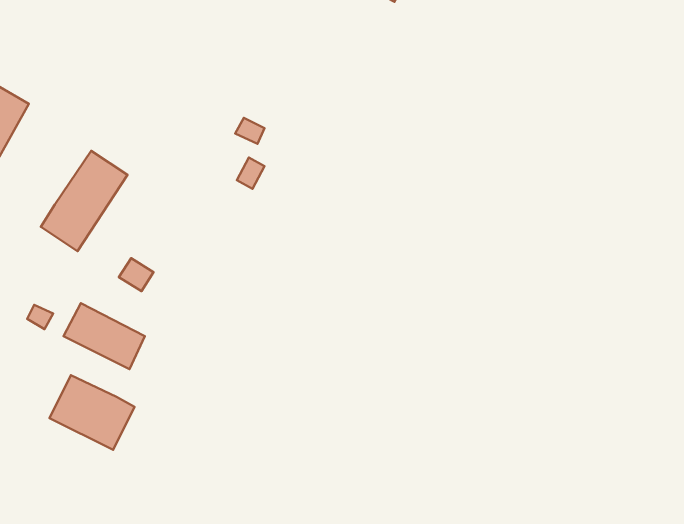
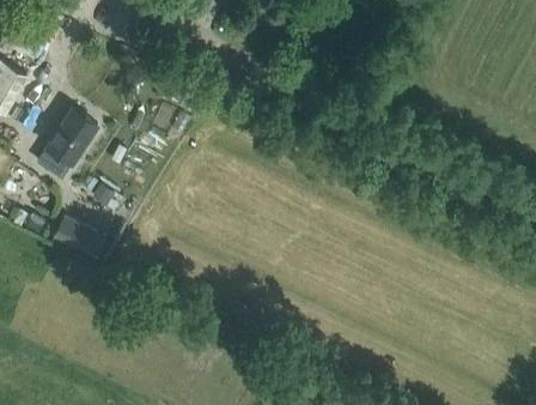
building: [49,375,134,450] -> none

